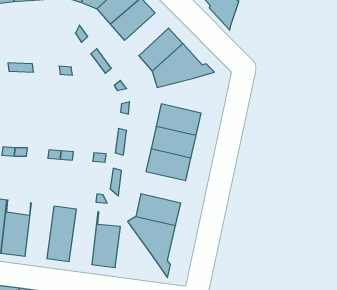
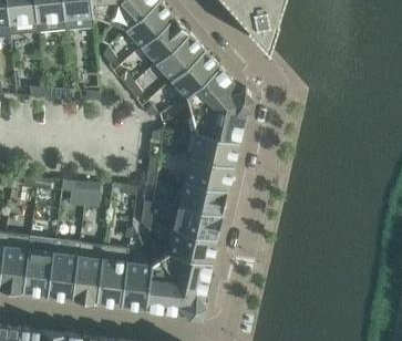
building: none -> [155,33,203,80]
building: none -> [190,97,252,142]
building: none -> [173,205,221,239]
building: none -> [48,239,79,299]
building: none -> [95,246,126,306]
building: none -> [145,259,202,320]

